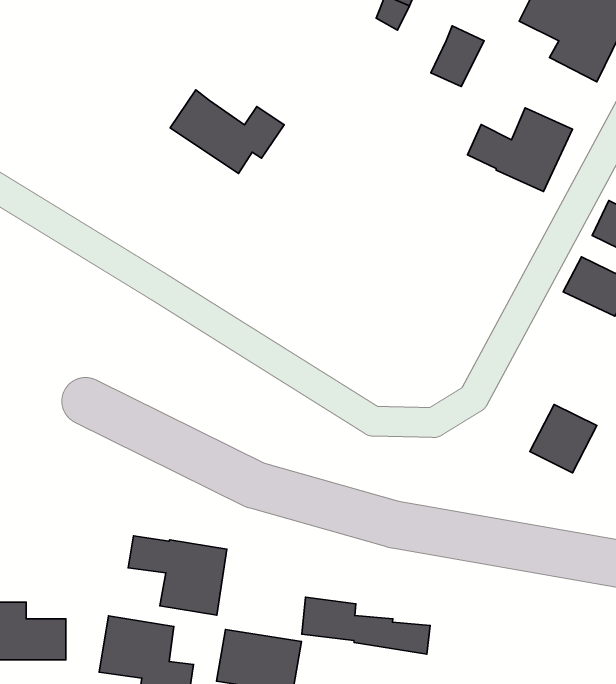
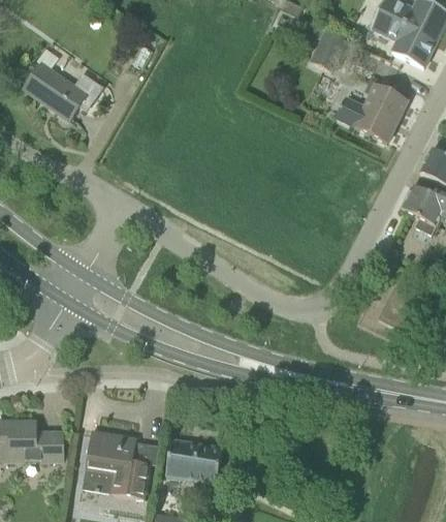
building: [170,90,284,173] -> [24,62,101,119]
building: [128,536,227,615] -> none
building: [302,597,430,654] -> none

